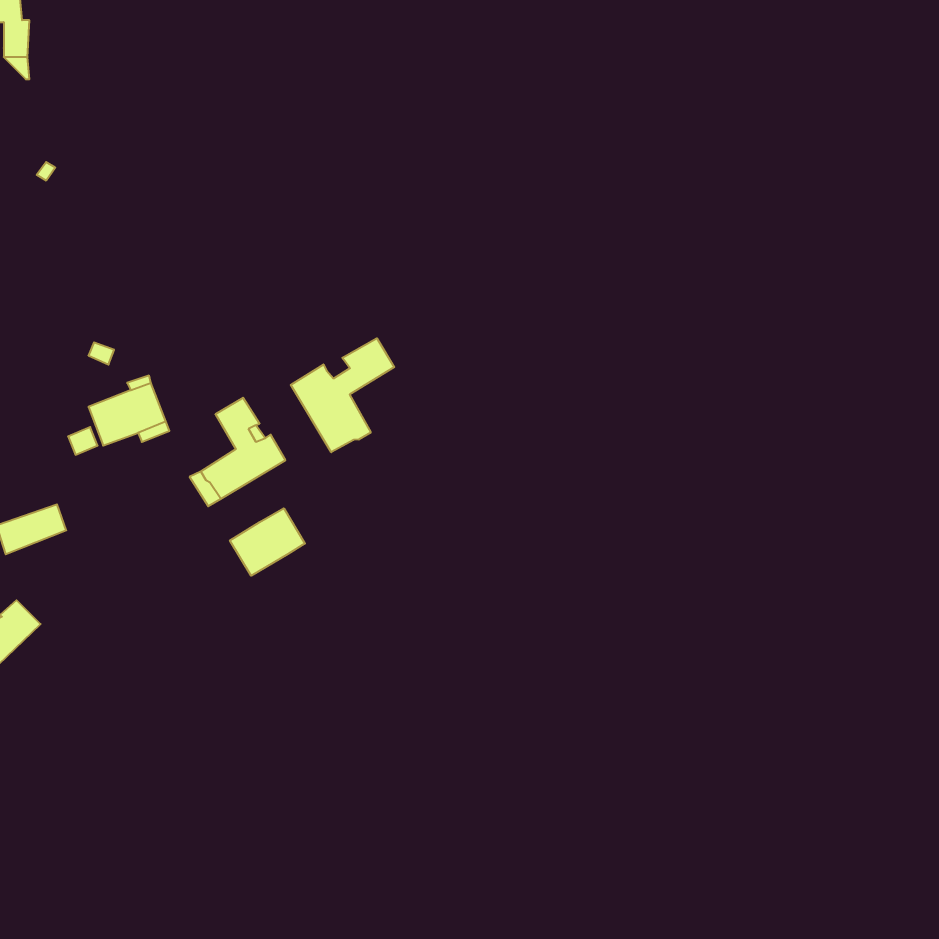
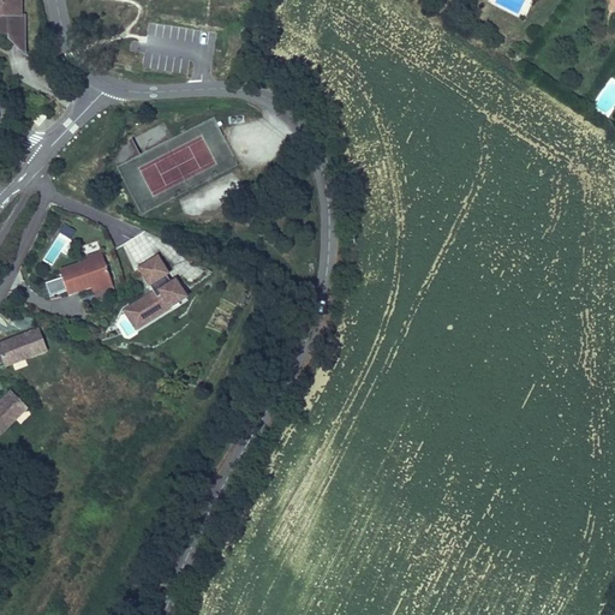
building: [291,338,394,452] -> none
building: [230,508,305,576] -> none

